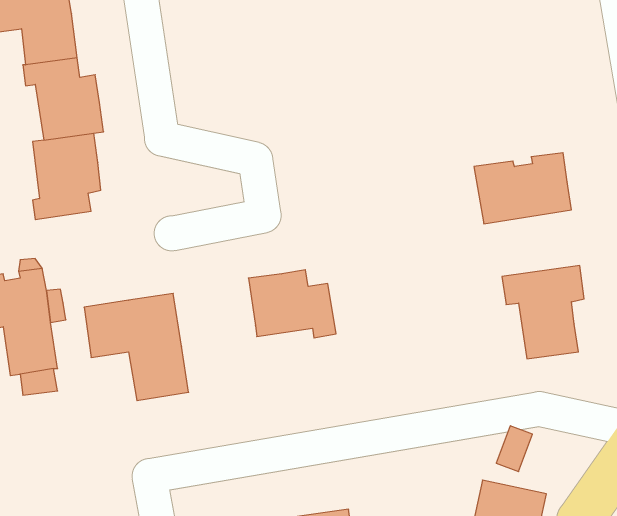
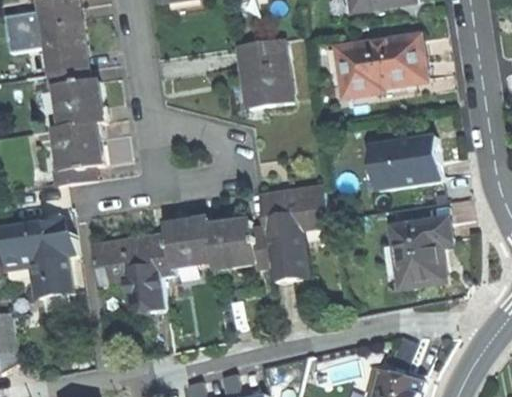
building: none -> [339,35,425,95]
building: none -> [235,37,289,106]
building: none -> [259,187,327,280]
building: none -> [153,216,212,274]

